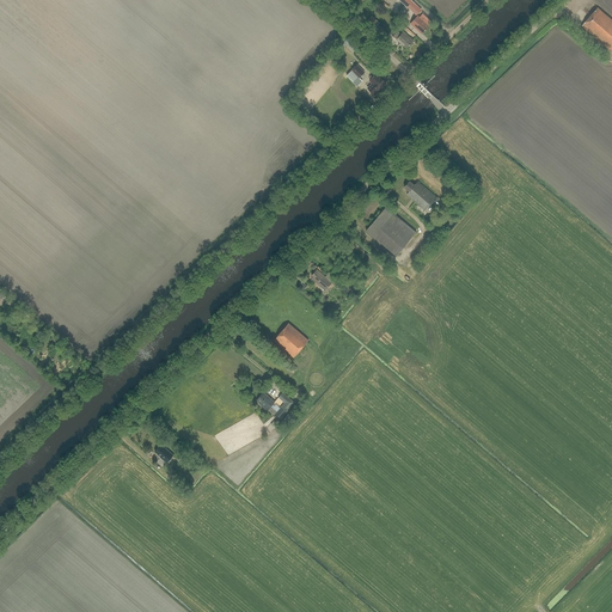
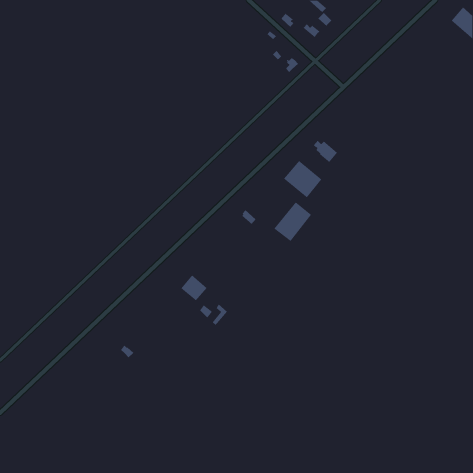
building: none -> [274,201,312,242]
building: [274,323,308,357] -> [181,274,207,301]

